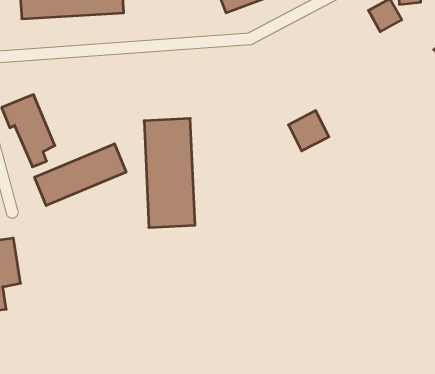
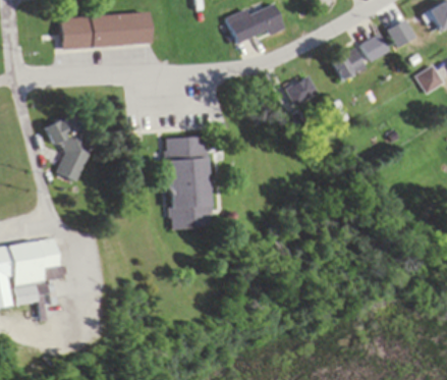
building: none -> [329,48,365,80]
building: [288,111,329,151] -> [284,75,319,110]
building: [35,144,126,206] -> none

